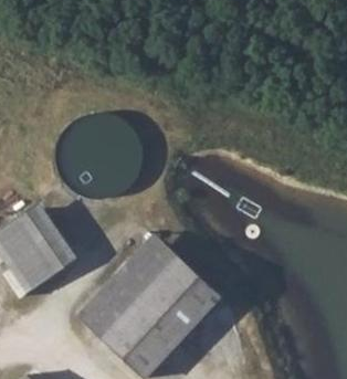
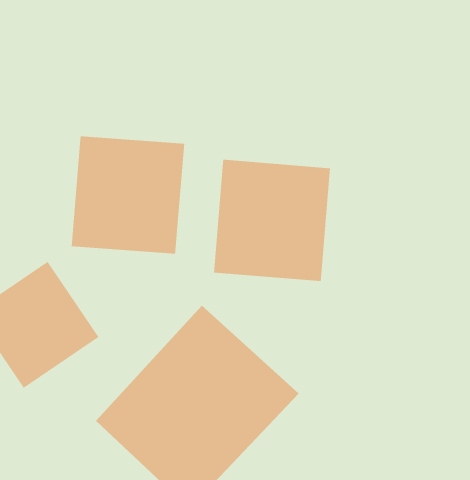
building: none -> [213,159,331,282]

